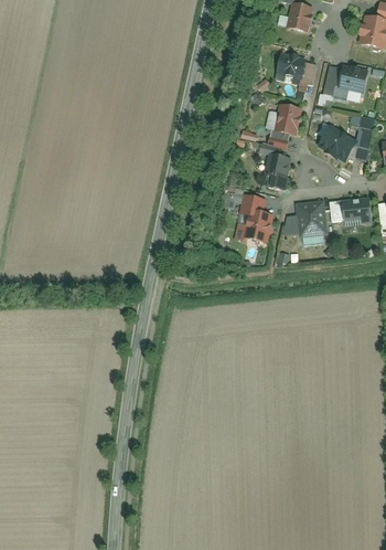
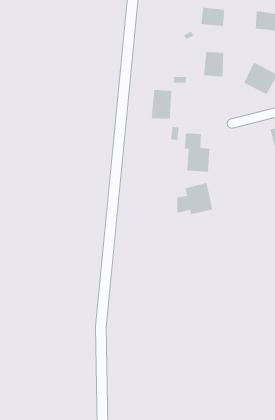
building: [323,64,349,98] -> none
building: [264,151,291,188] -> [151,89,172,119]
building: [283,202,325,237] -> [176,182,213,215]

